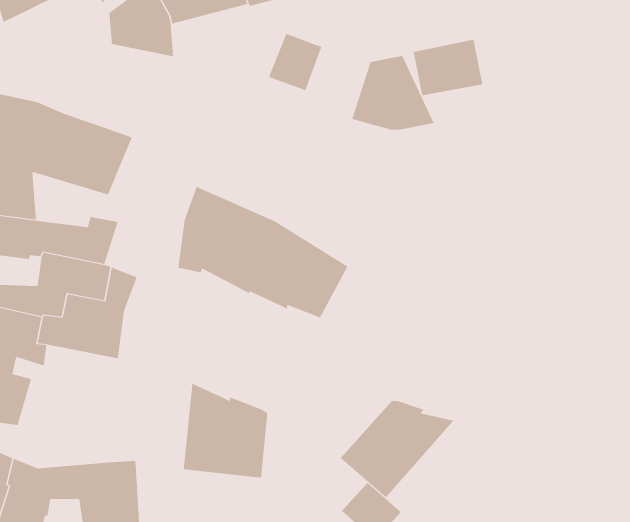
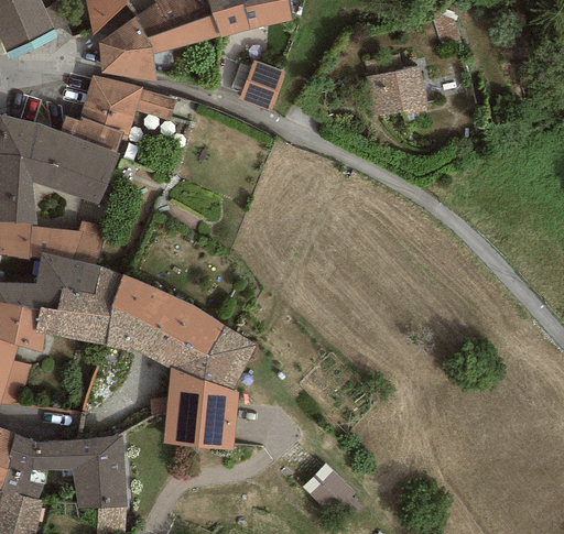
building: none -> [58,74,175,151]
building: [352,55,434,131] -> none
building: [177,186,348,318] -> [106,274,256,390]
building: [340,400,455,498] -> none

